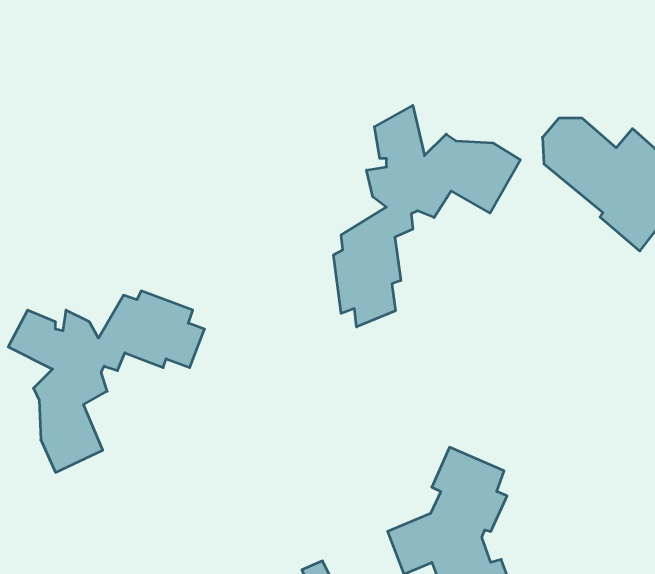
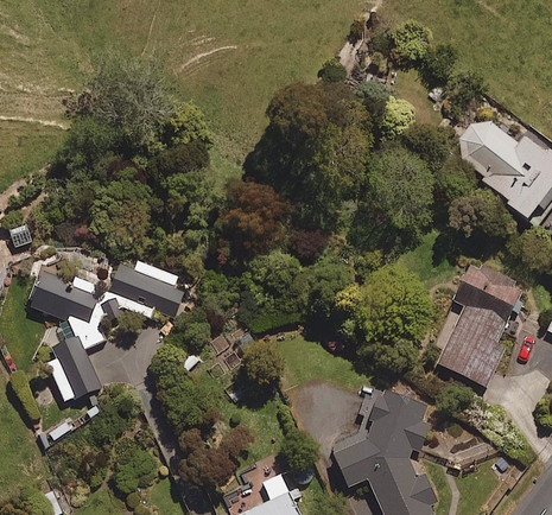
building: [334,105,520,327] -> none
building: none -> [434,259,524,387]

